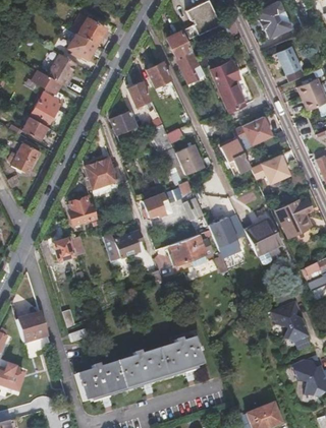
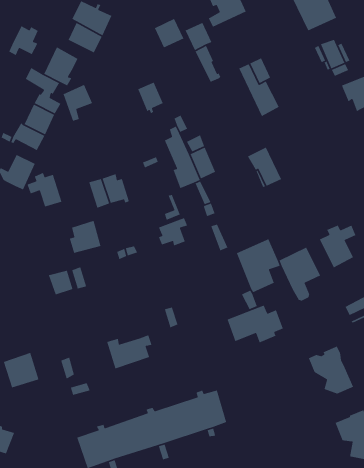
building: none -> [8,25,39,56]
building: [147,61,172,86] -> [154,18,184,48]
building: [110,107,135,138] -> [63,84,93,122]
building: [233,116,272,145] -> none
building: [252,155,290,184] -> none
building: none -> [26,172,62,208]
building: [103,230,142,259] -> [106,334,153,370]
building: [166,234,214,266] -> [226,304,284,343]

